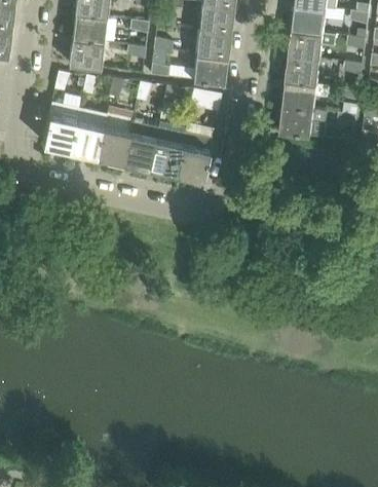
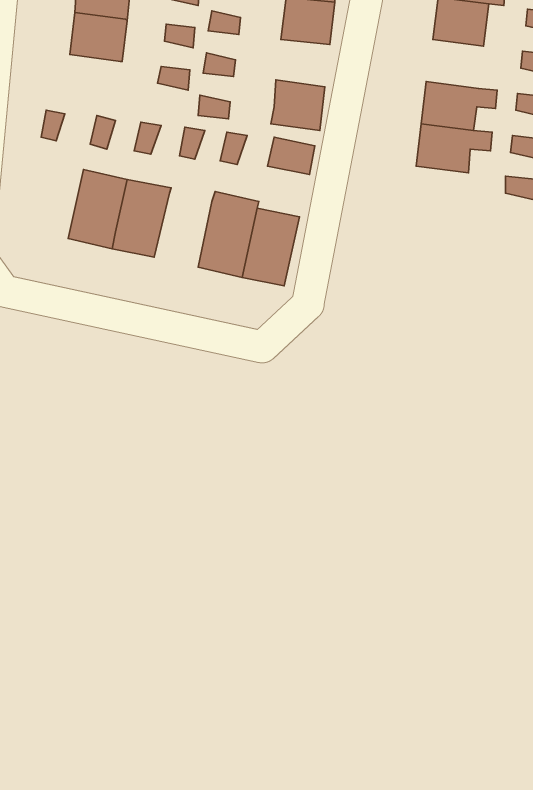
building: [196,29,229,58] -> none
building: [288,29,334,59] -> none
building: [68,38,103,69] -> none
building: [41,102,79,150] -> none
building: [278,106,327,136] -> none
building: [122,122,157,167] -> none

